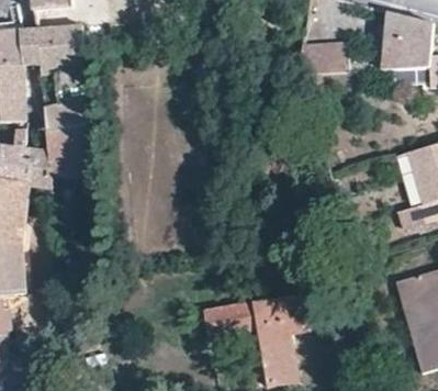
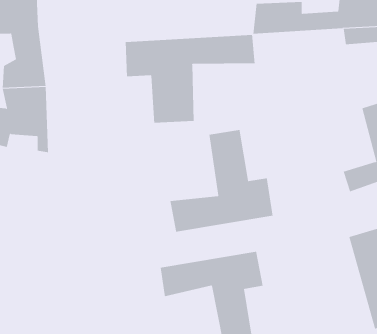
building: none -> [125,34,255,124]
building: none -> [170,129,273,233]

